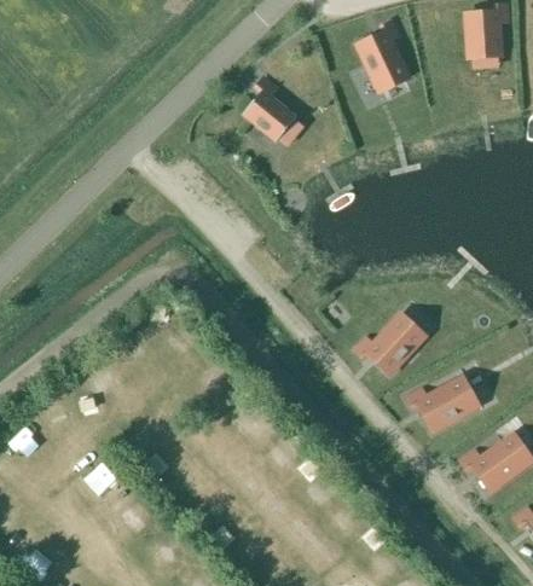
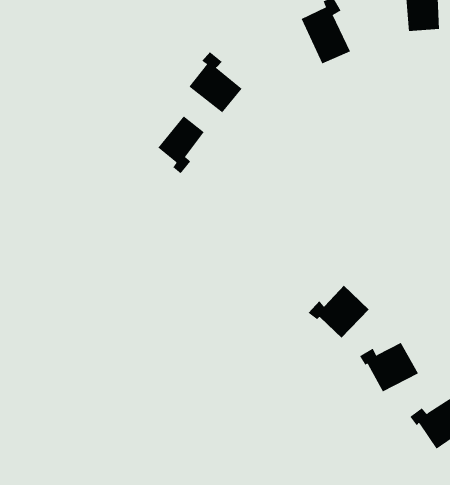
building: none -> [157,116,204,174]

